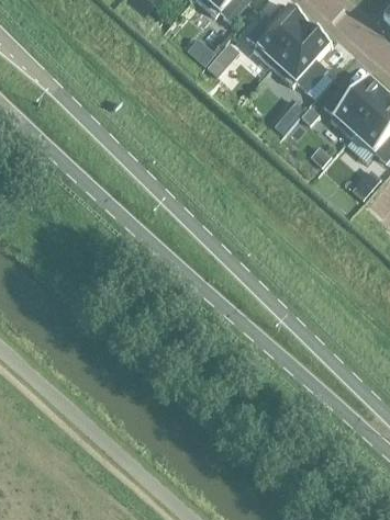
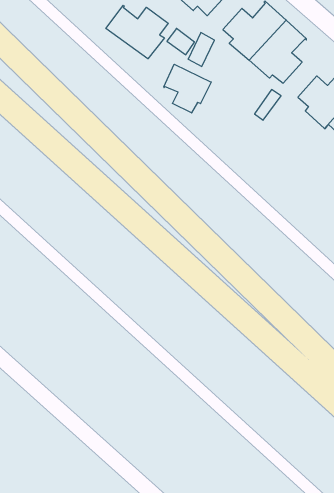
building: none -> [106,5,168,59]
building: none -> [164,64,211,113]

